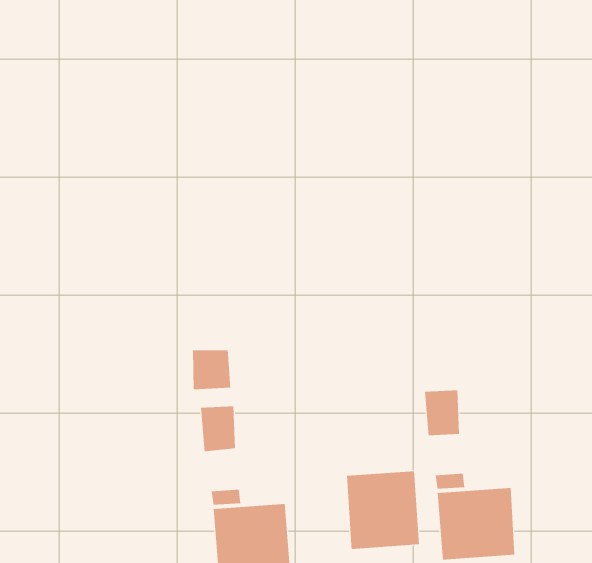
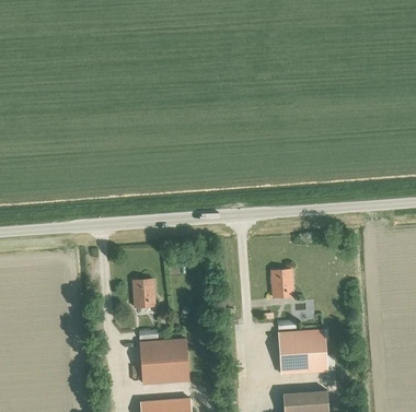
building: [192,349,231,390] -> none
building: [346,470,419,550] -> none

